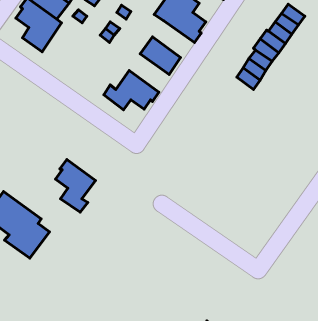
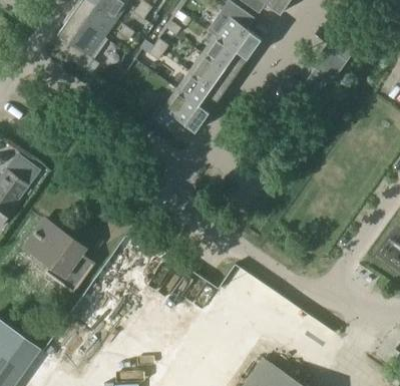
building: none -> [204,37,249,76]
building: none -> [178,72,222,113]
building: [55,160,95,212] -> none

